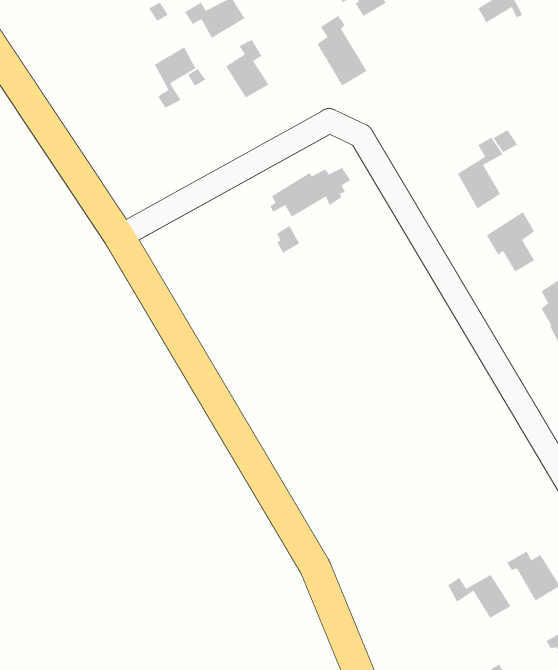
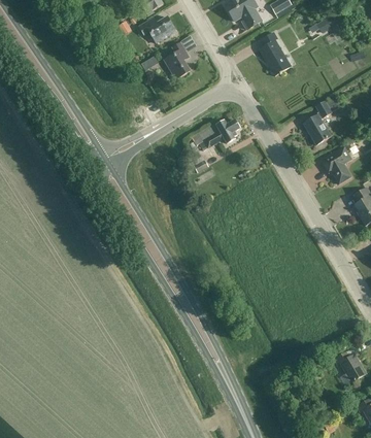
building: [316,15,368,86] -> [260,32,291,75]
building: [154,46,196,109] -> none
building: [447,574,512,619] -> none

